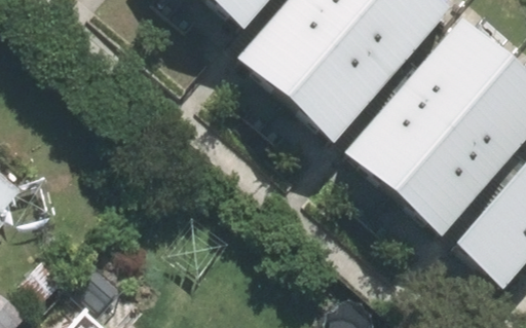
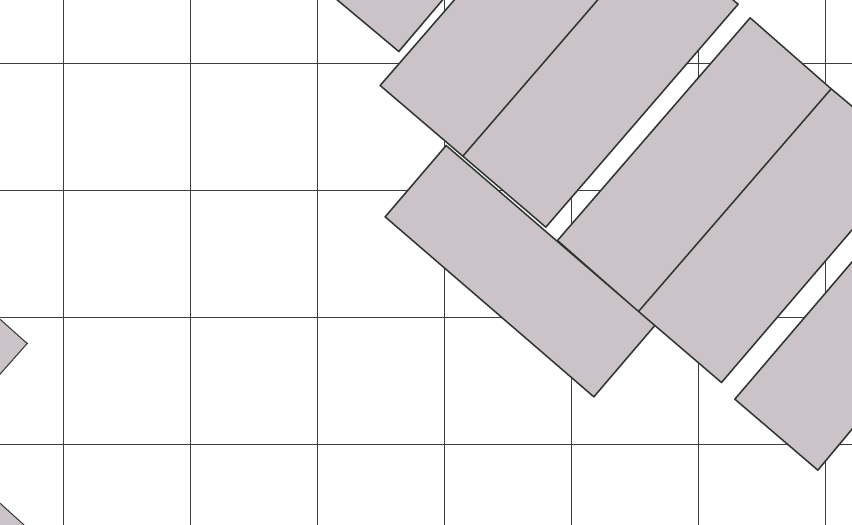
building: none -> [385,145,655,397]

